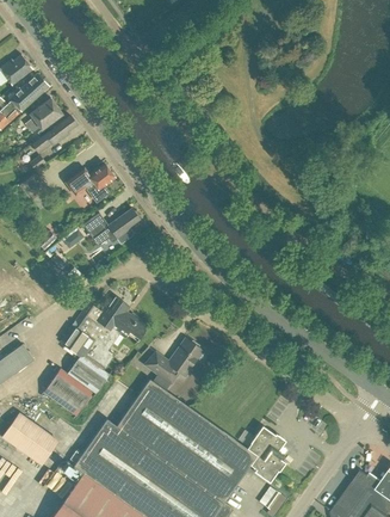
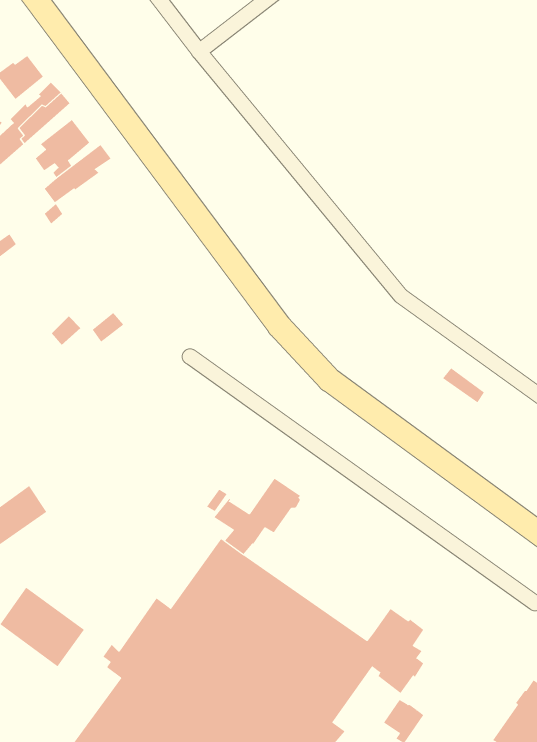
building: [66,165,114,201] -> none
building: [83,210,138,246] -> none
building: [42,297,148,416] -> none

